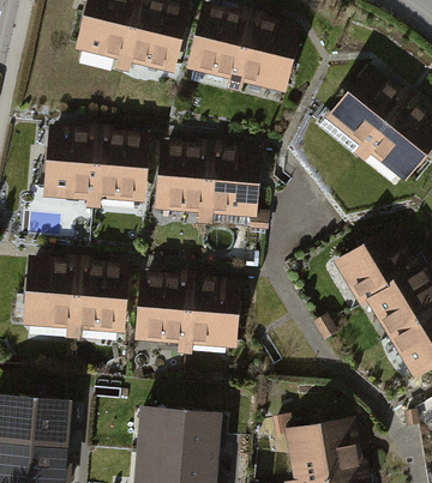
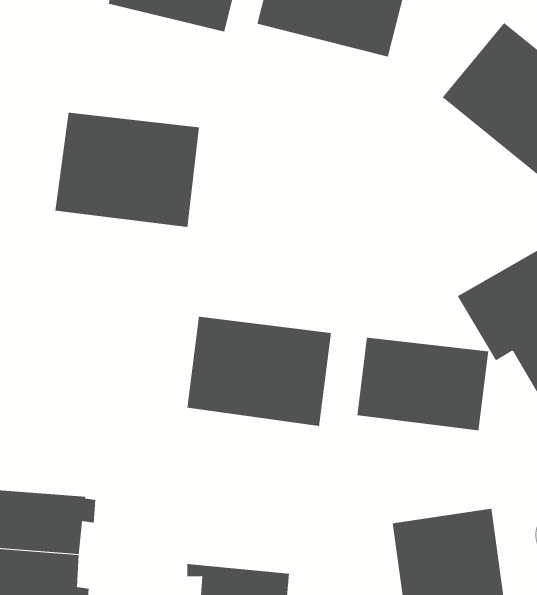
building: [156,144,262,225] -> none
building: [20,261,128,342] -> none
building: none -> [357,337,489,431]
building: [149,412,223,460] -> none

